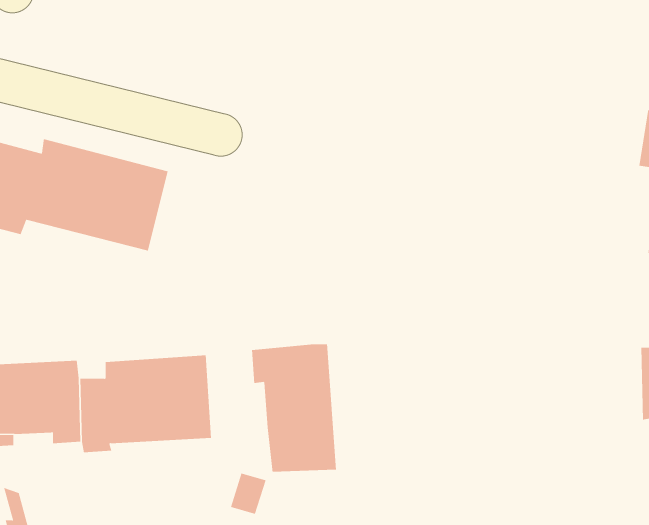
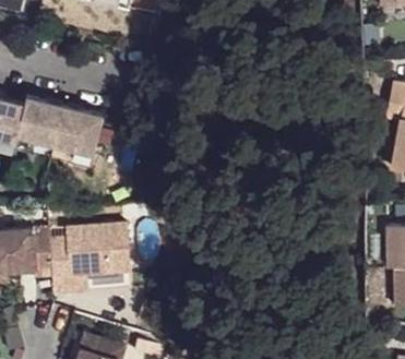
building: [252,344,337,473] -> none

